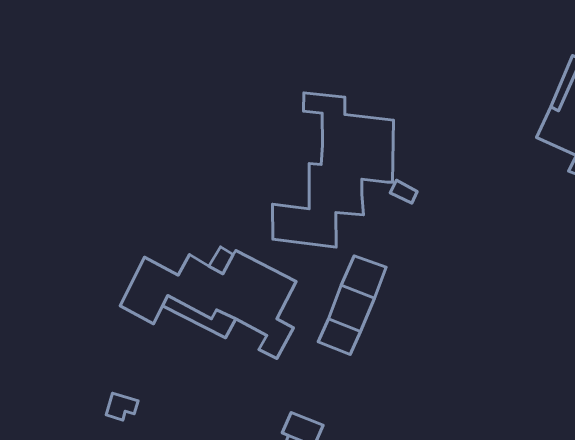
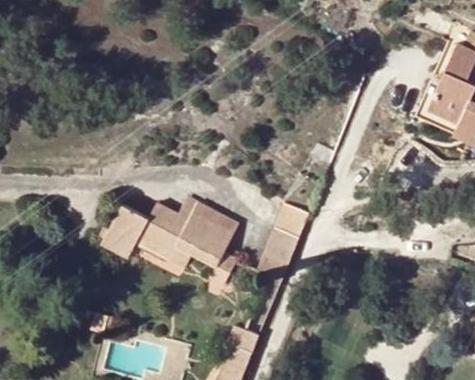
building: [273,93,394,247] -> none

